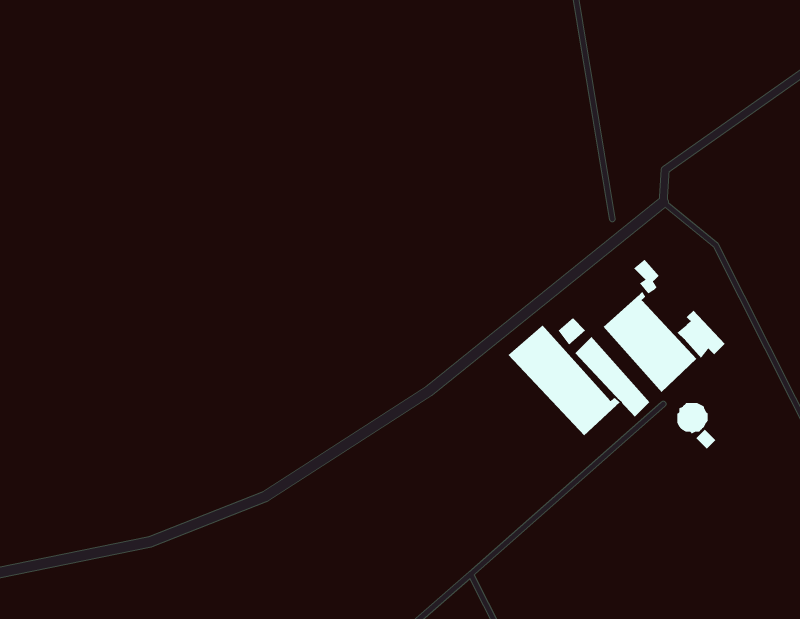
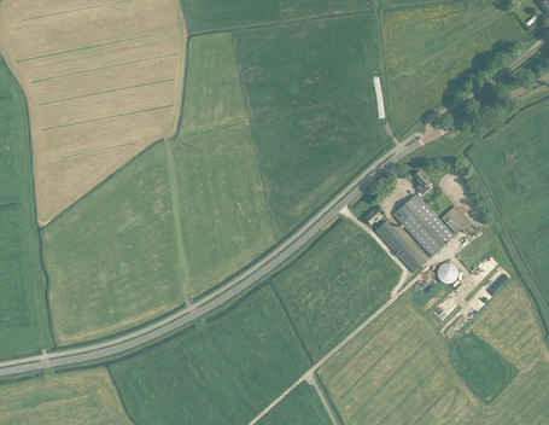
building: [507,325,621,436] -> none

